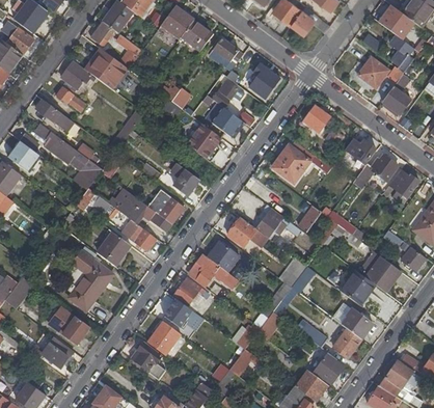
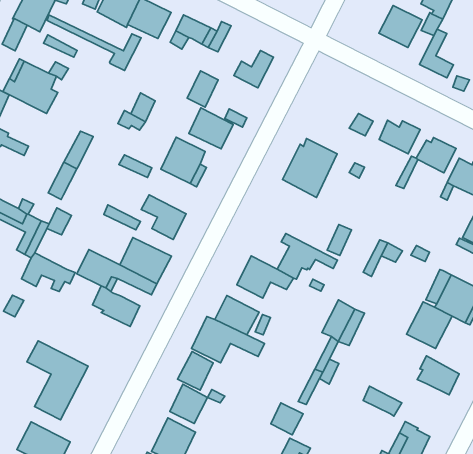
building: none -> [47,15,141,70]
building: [299,105,328,133] -> none
building: [96,232,131,266] -> none
building: [334,327,362,356] -> none

